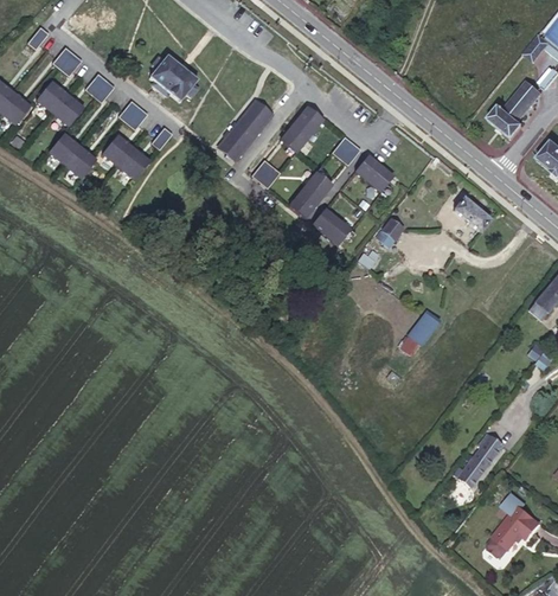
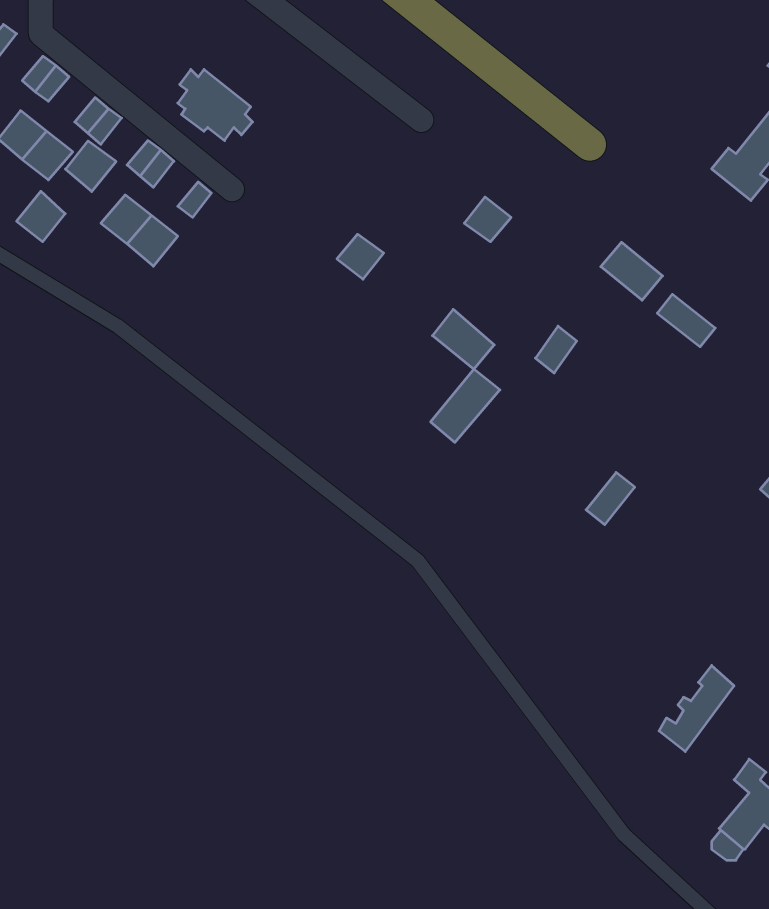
building: [218,100,271,158] -> none
building: [280,105,323,153] -> none
building: [65,147,97,179] -> [65,141,116,192]
building: [355,155,395,192] -> [601,242,663,300]
building: [289,172,333,218] -> [431,369,500,442]

